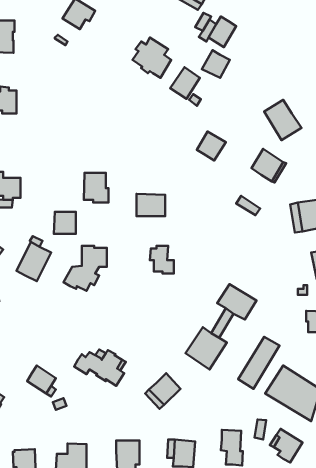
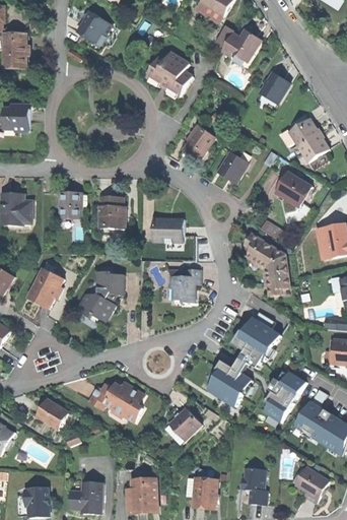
building: [202,50,230,78] -> [262,73,291,103]
building: [170,67,200,99] -> [184,127,215,160]
building: none -> [245,234,289,298]
building: [54,212,76,234] -> [58,192,81,215]

